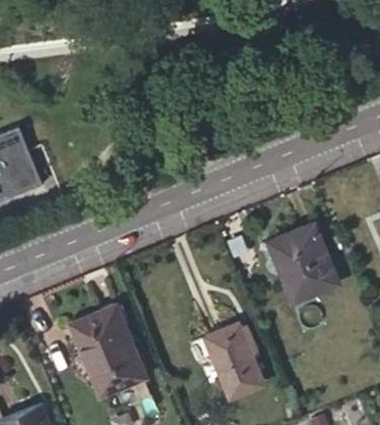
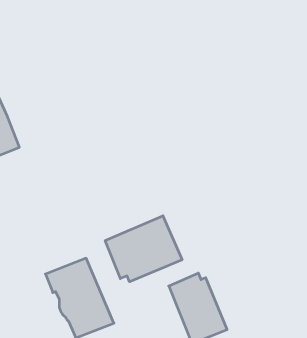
building: [268,224,340,303] -> none
building: none -> [105,216,182,282]

